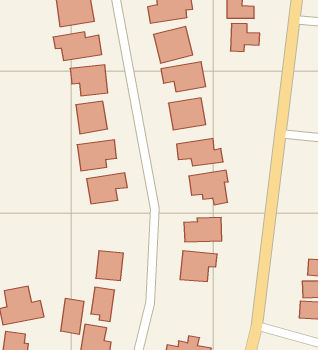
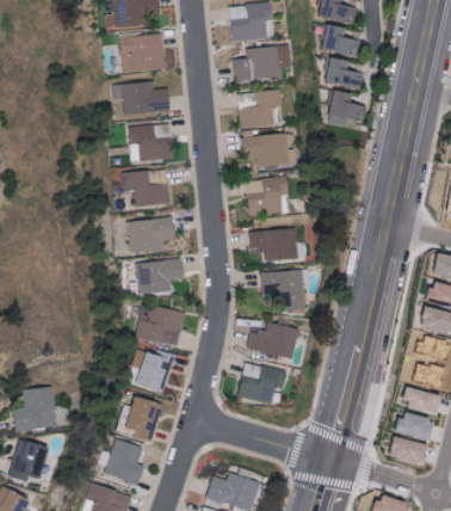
building: none -> [135,307,184,345]
building: [61,298,84,334] -> none

